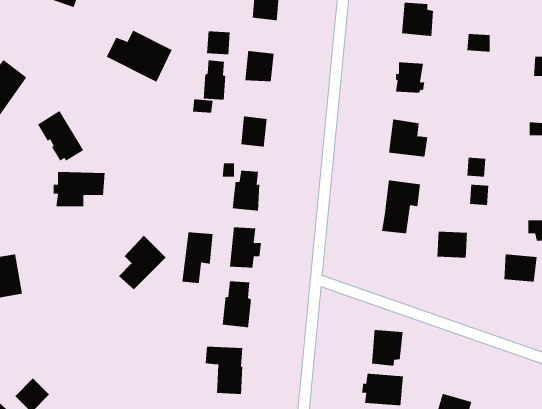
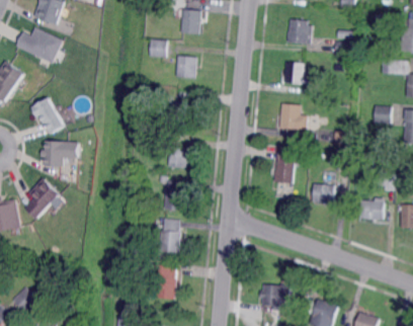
building: [106,30,173,83] -> [14,27,62,65]
building: [203,60,226,100] -> none
building: [182,231,213,284] -> none
building: [118,235,167,290] -> [23,179,58,219]
building: [372,329,403,367] -> none

